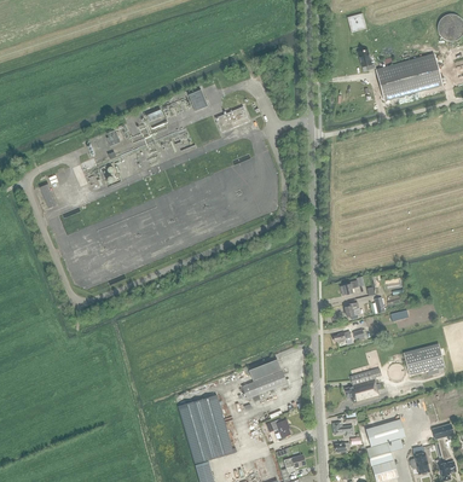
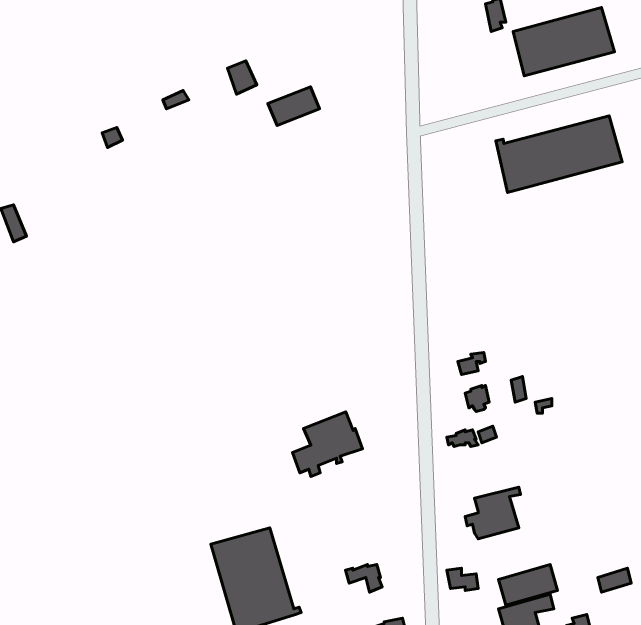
building: none -> [496,116,622,192]
building: [404,342,445,374] -> none
building: [242,358,288,400] -> [292,412,362,477]

